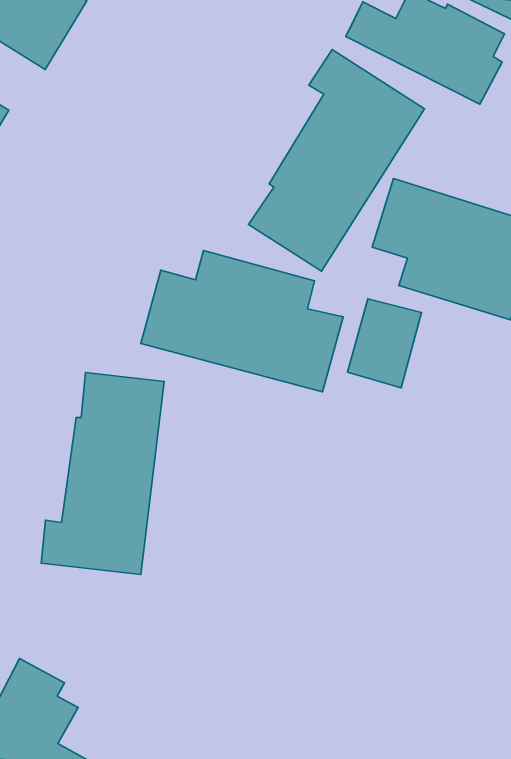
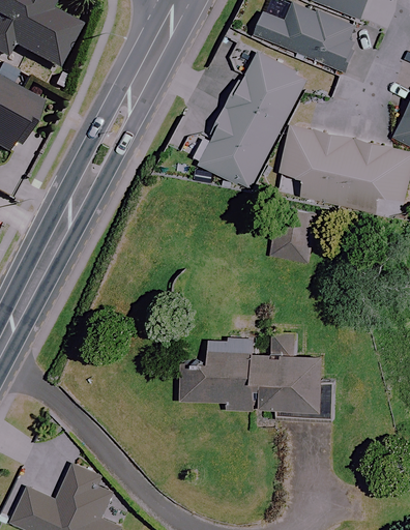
building: [141,250,343,392] -> none
building: [41,372,164,574] -> none
building: none -> [181,325,336,414]

